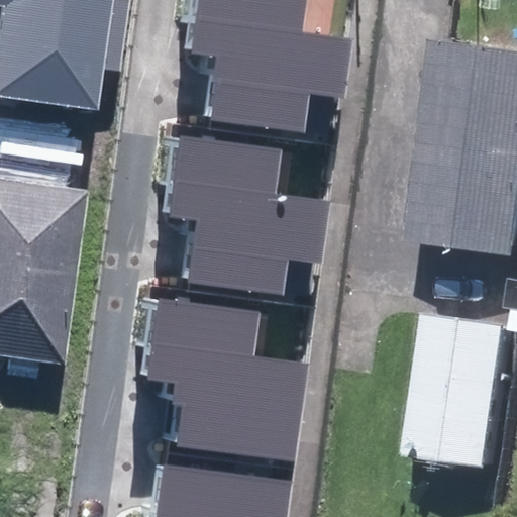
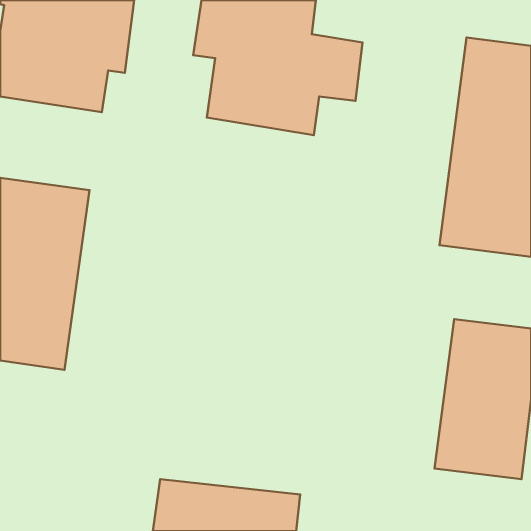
building: [162,137,331,293] -> none
building: [138,296,306,457] -> none

